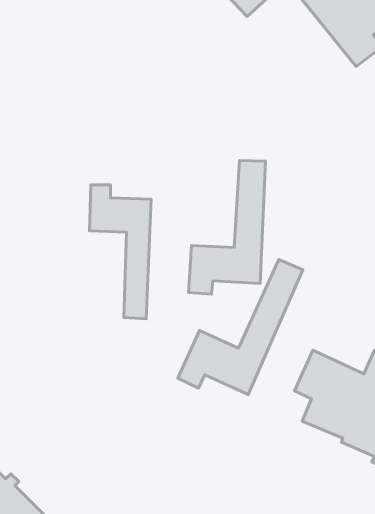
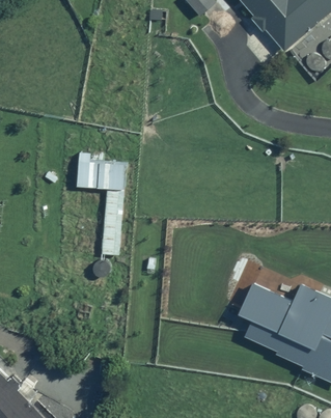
building: [189,160,265,294] -> none
building: [178,260,303,394] -> none

